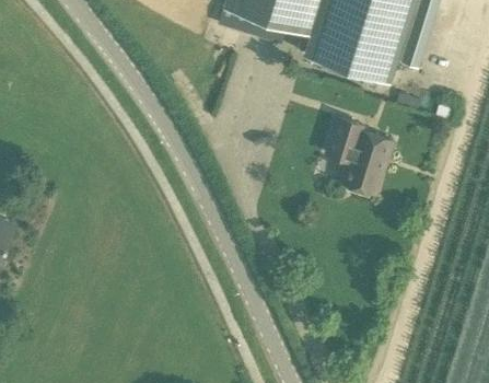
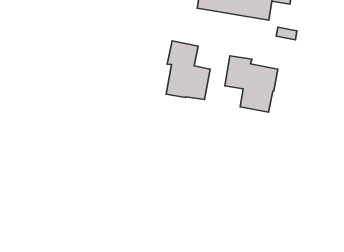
building: none -> [166,41,210,100]

